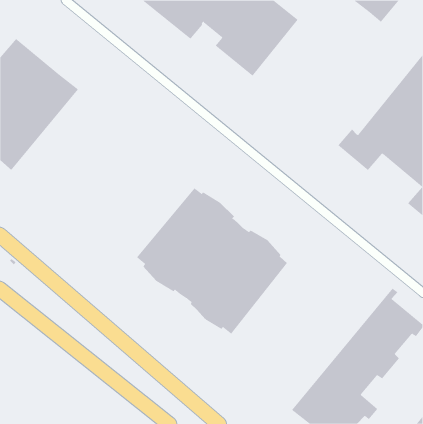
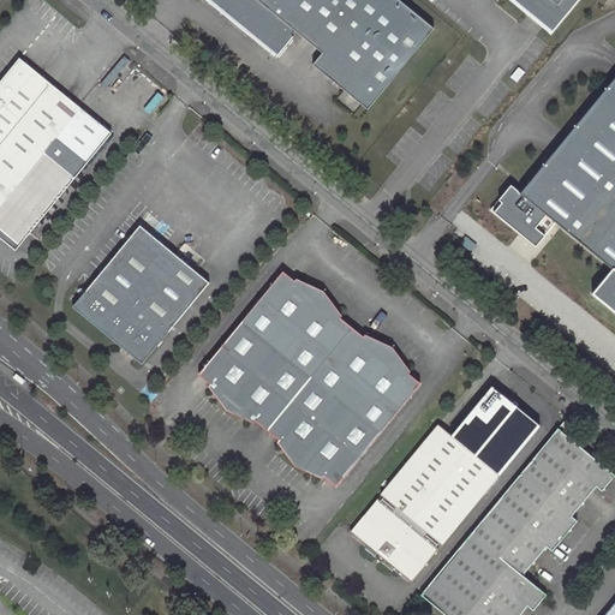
building: none -> [74,223,211,363]
building: none -> [353,387,542,581]

